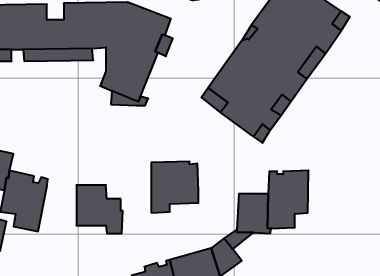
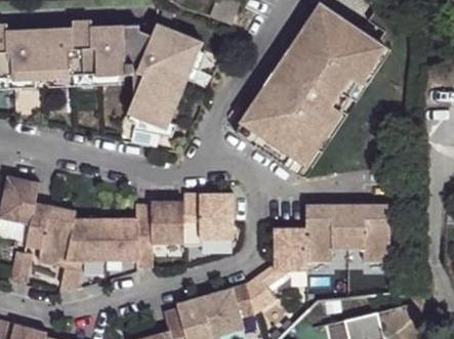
building: none -> [135,199,182,244]
building: none -> [345,201,387,260]
building: none -> [60,217,105,288]

